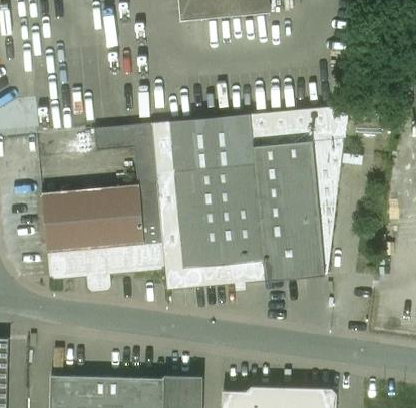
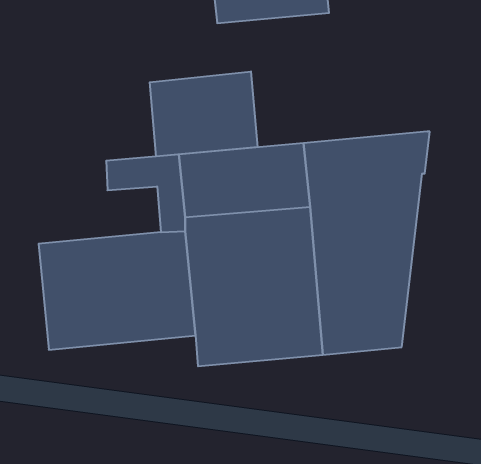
building: none -> [150,71,258,156]

